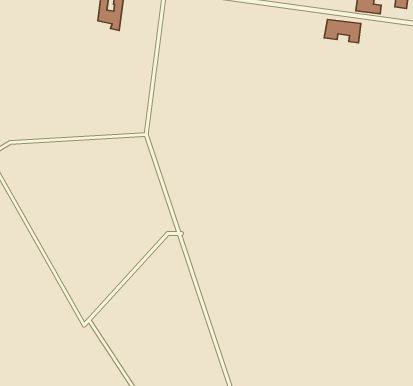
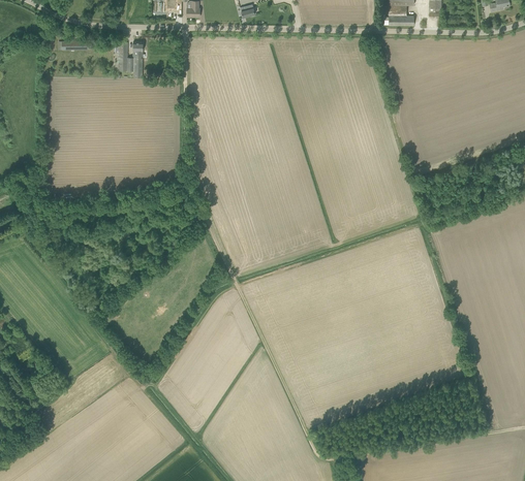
building: [324,19,361,43] -> none

